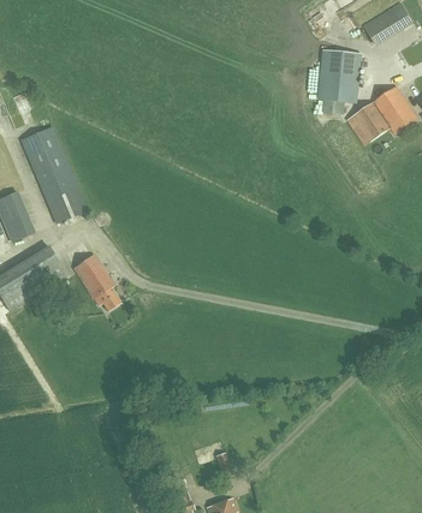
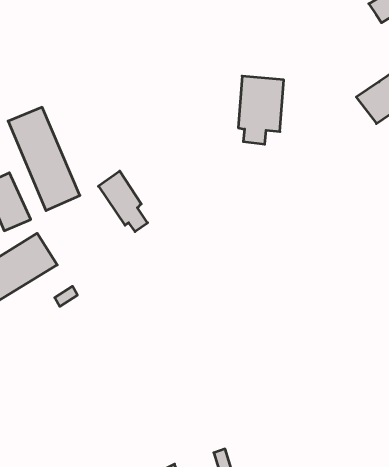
building: [316,49,359,114] -> [238,76,284,144]
building: [71,252,118,310] -> [98,171,148,232]

